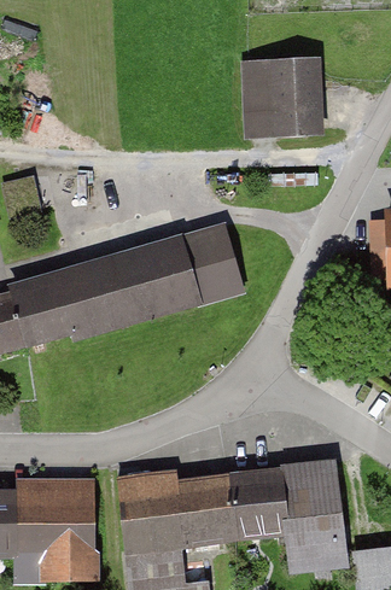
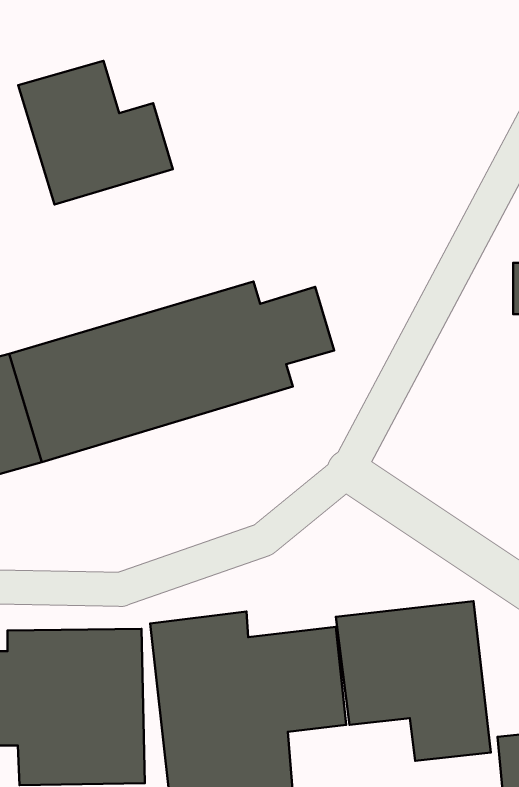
building: [238,59,328,140] -> none
building: none -> [18,61,173,205]

